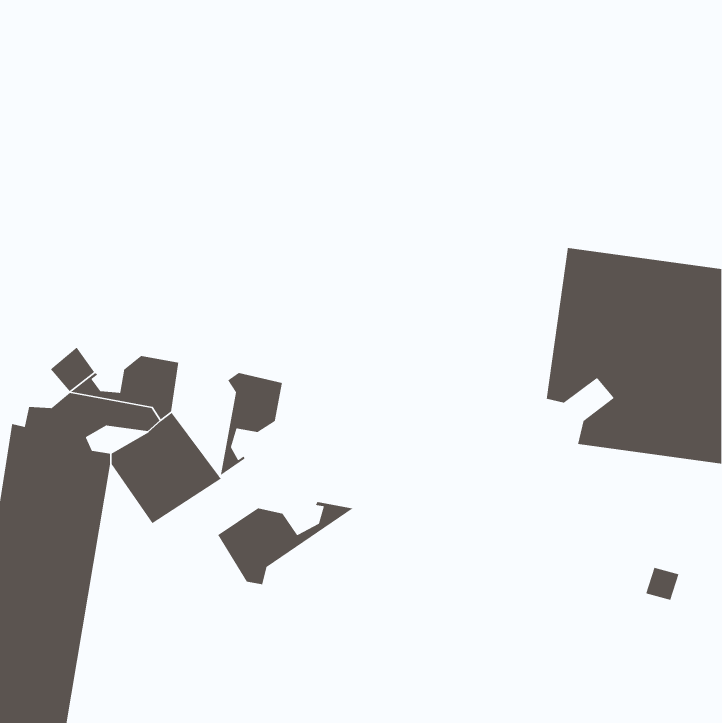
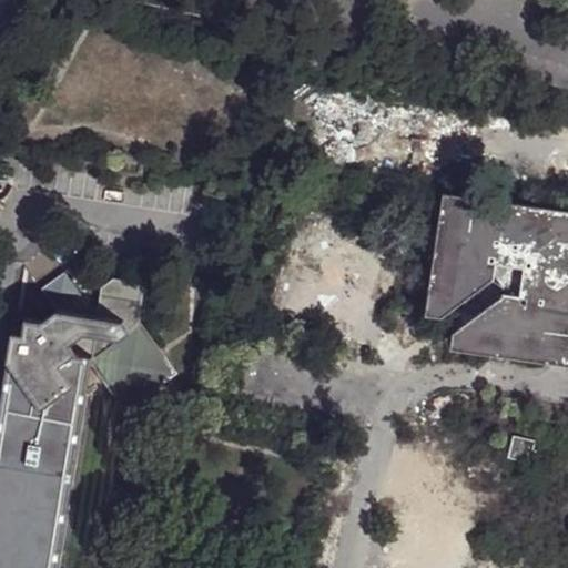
building: [220,372,283,476] -> none
building: [217,501,354,585] -> none

